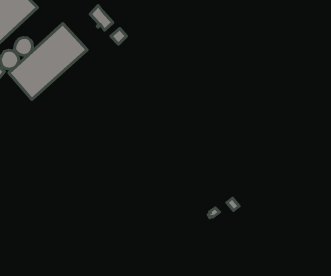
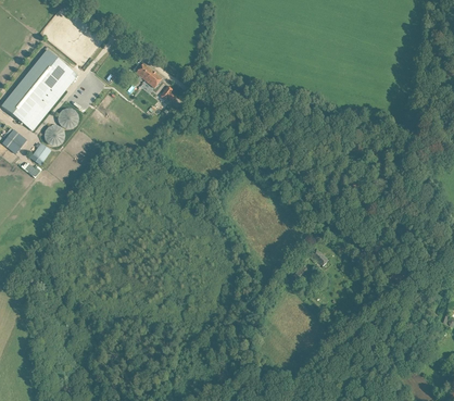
building: [9,23,87,99] -> none

